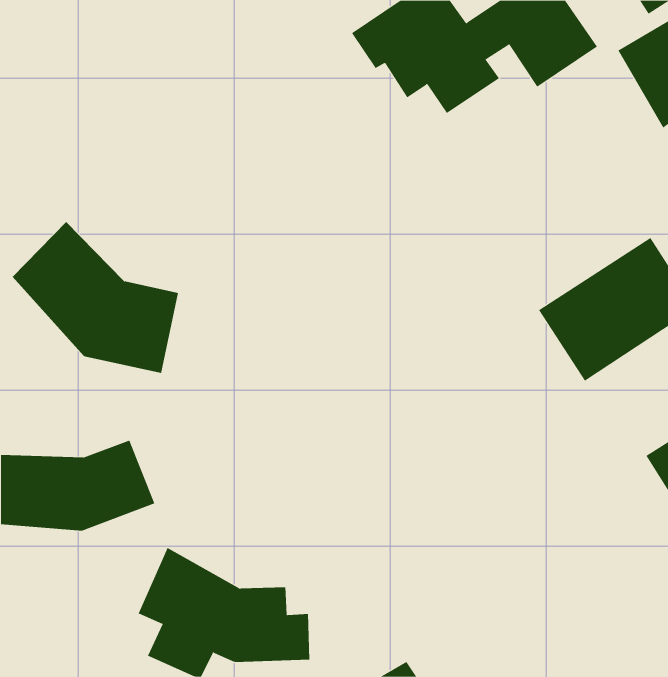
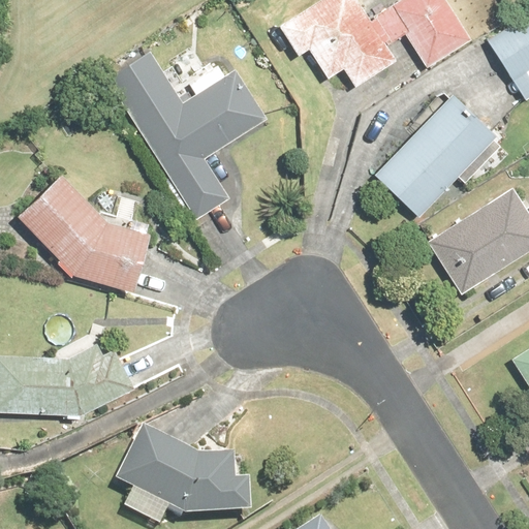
building: none -> [104,45,272,221]
building: none -> [370,96,494,221]

